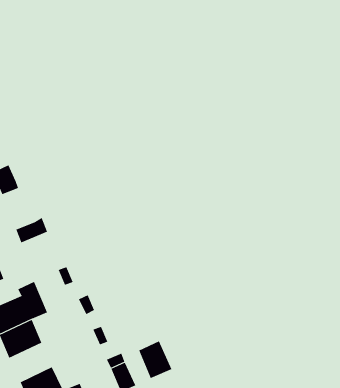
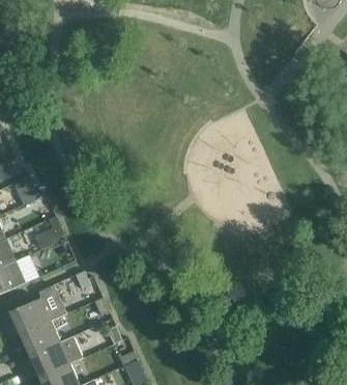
building: none -> [29,337,82,379]
building: [139,340,172,379] -> none

